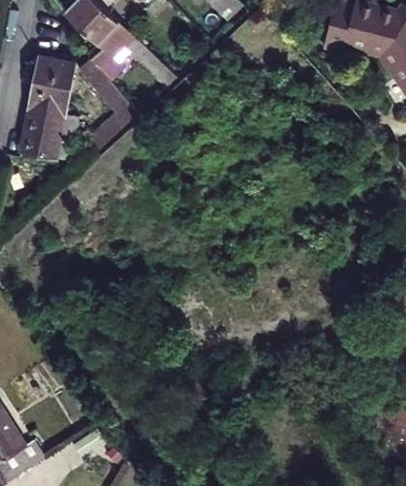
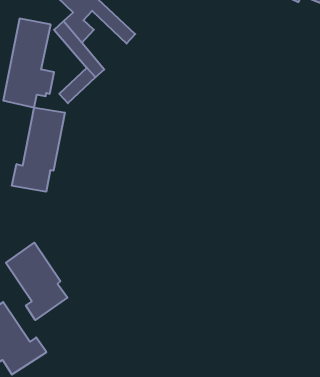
building: none -> [12,108,65,192]
building: none -> [6,243,67,320]

